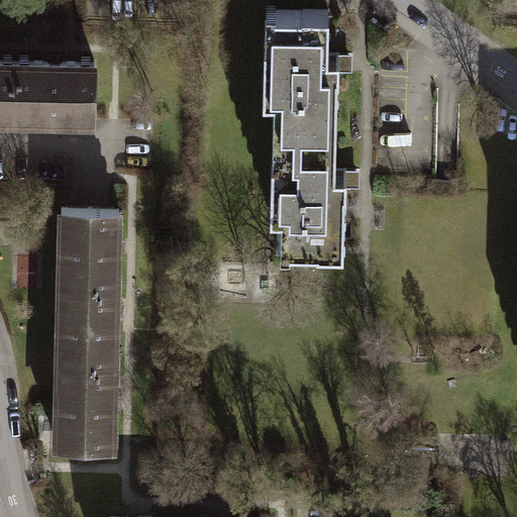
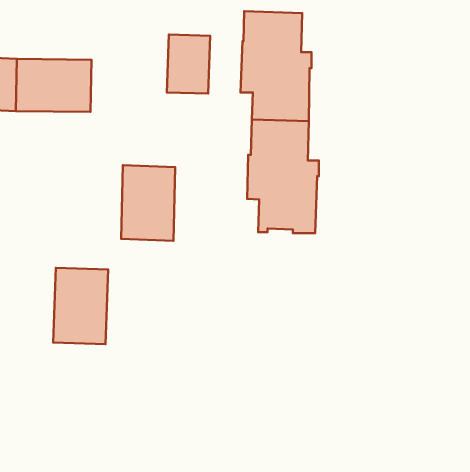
building: none -> [167,35,210,94]
building: [61,215,119,297] -> [121,165,175,241]
building: [55,376,114,457] -> none

